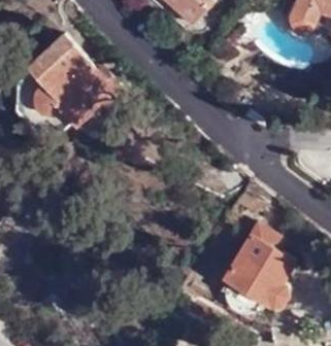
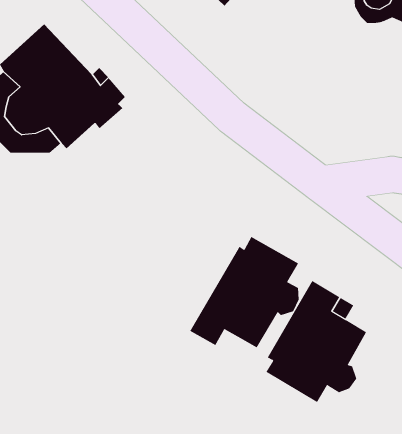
building: none -> [190,236,299,348]

